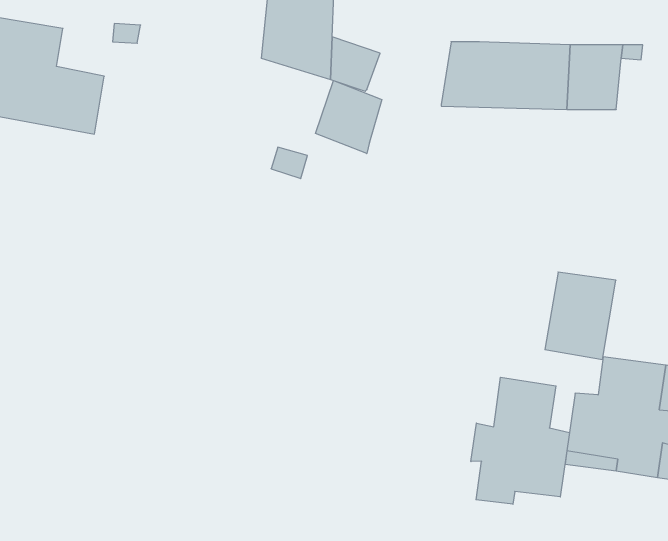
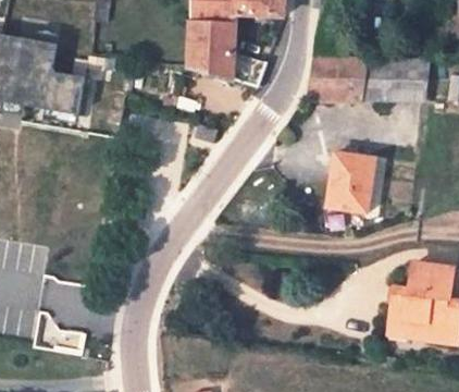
building: [315,81,382,154] -> none
building: [545,272,616,360] -> [325,154,372,211]
building: [471,377,569,504] -> none

